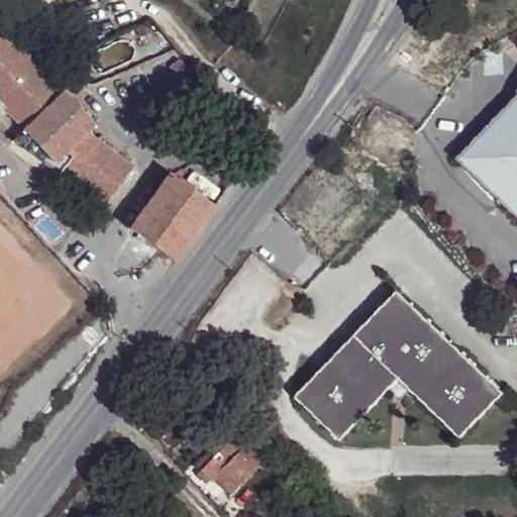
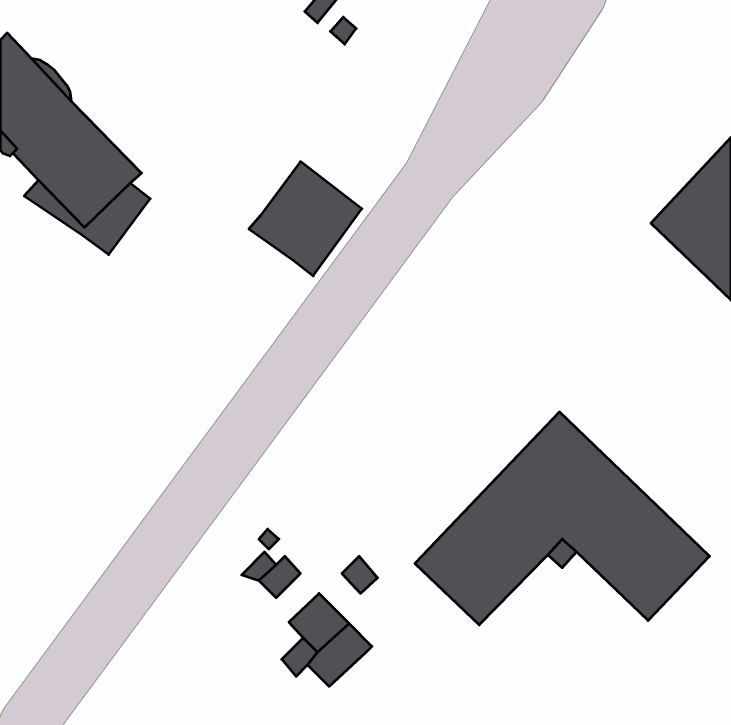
building: [77,140,137,203] -> none
building: [128,177,208,257] -> [249,162,362,276]

